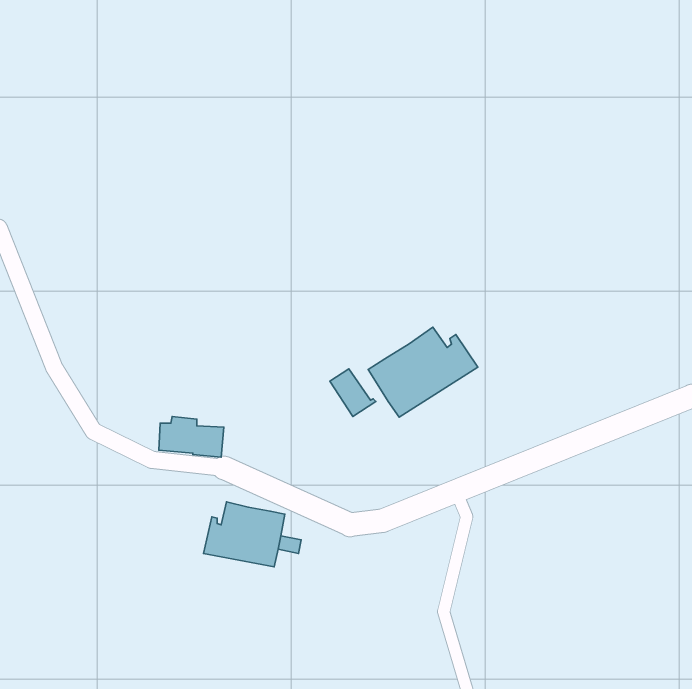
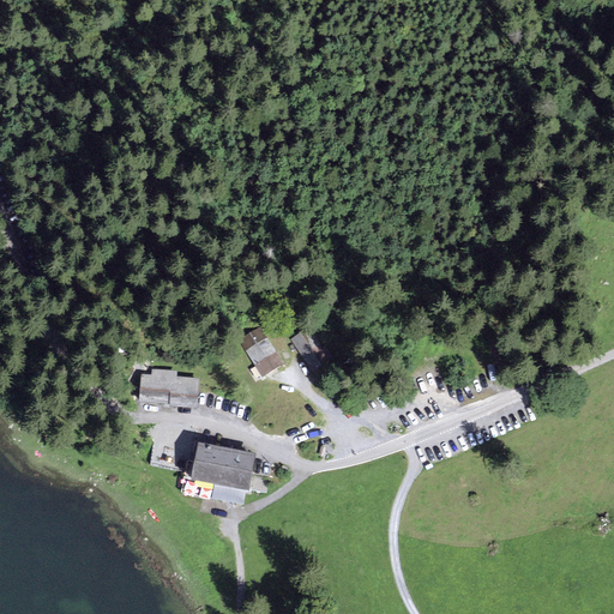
building: [368,327,478,417] -> none
building: none -> [240,325,281,373]

